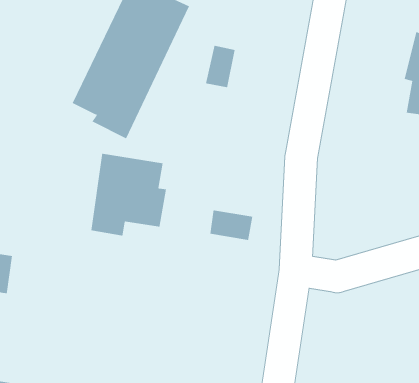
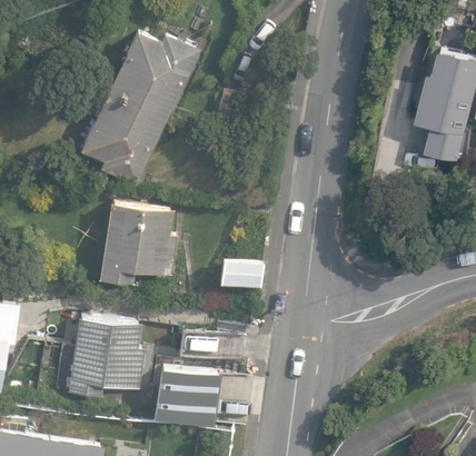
building: none -> [69,316,145,398]
building: none -> [152,366,220,427]

